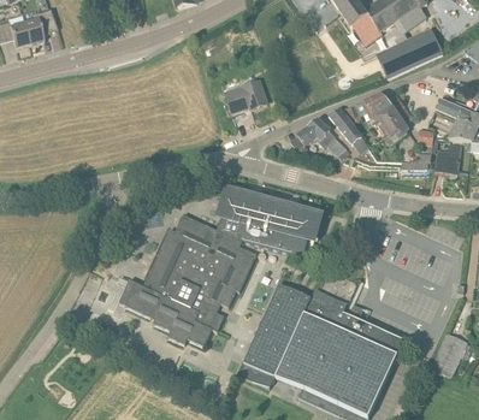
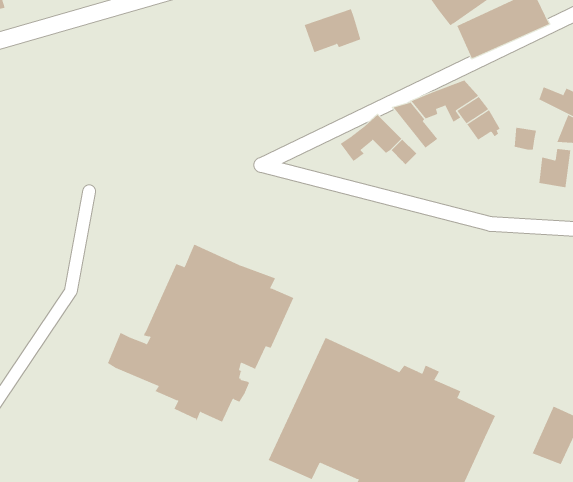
building: [225,79,267,112] -> [304,8,361,53]
building: [217,189,321,255] -> none

